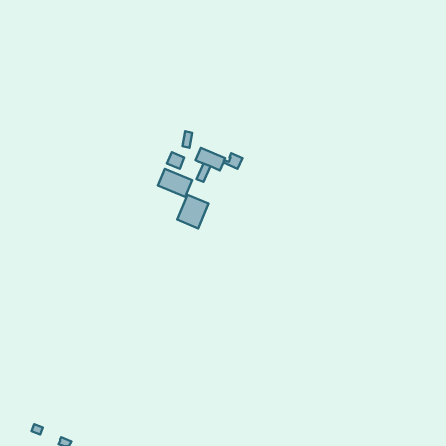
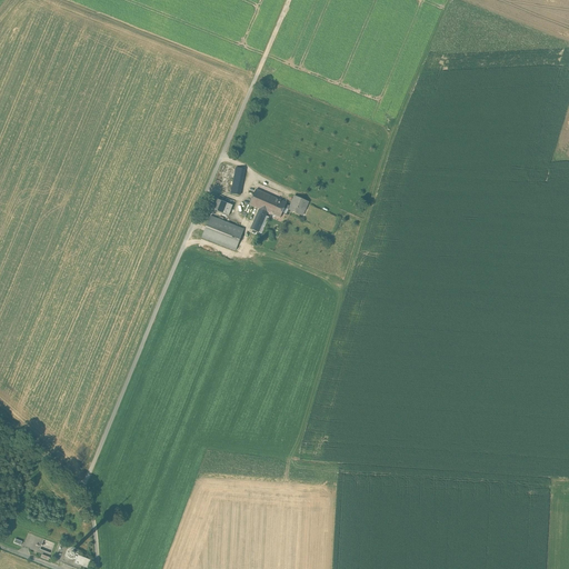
building: [177,195,208,228] -> none

